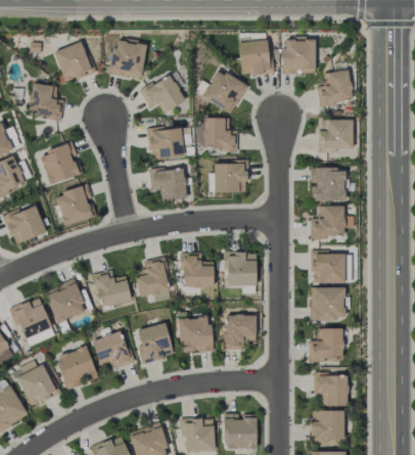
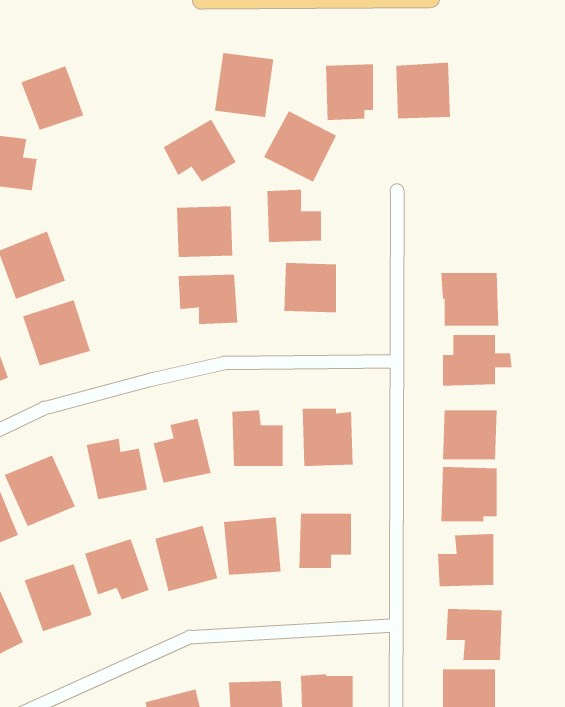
building: [109,39,146,79] -> [214,52,274,118]
building: [317,71,353,108] -> none
building: [318,120,353,151] -> none

